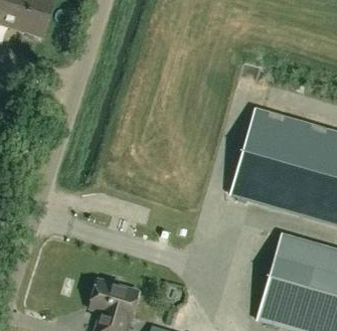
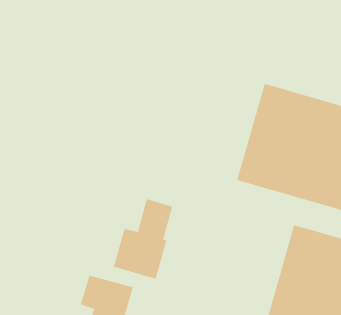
building: none -> [113,198,173,280]

